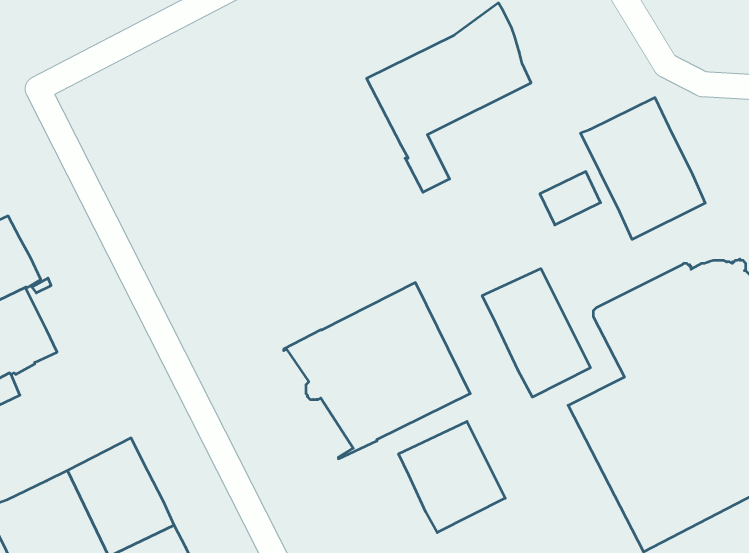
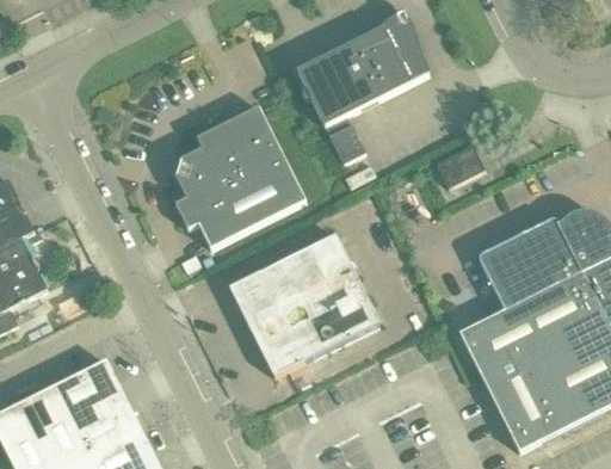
building: [581,98,705,239] -> none
building: none -> [174,104,306,247]
building: [482,269,590,397] -> none
building: [399,421,505,533] -> none

